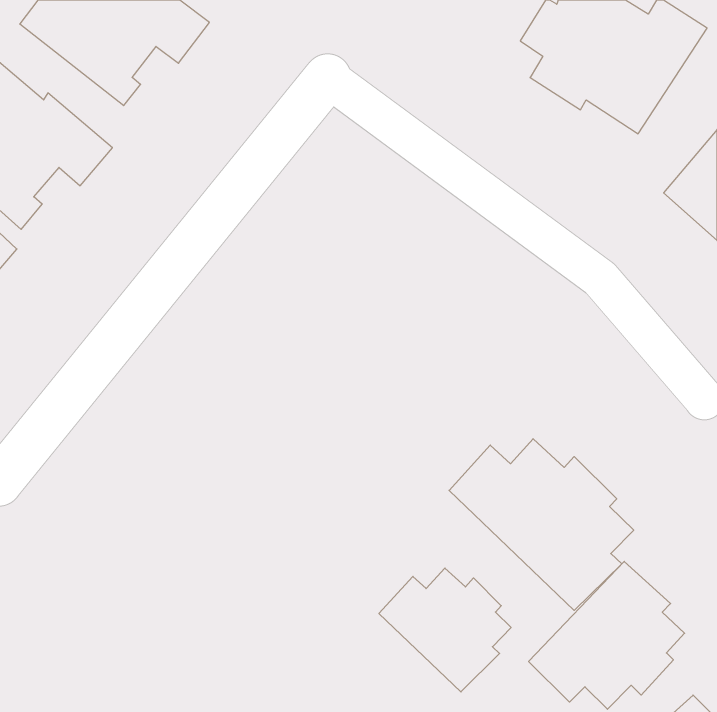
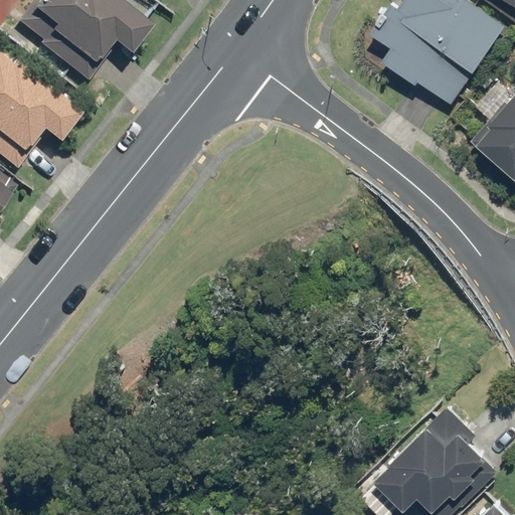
building: [449,439,634,610] -> none
building: [379,568,511,692] -> none

